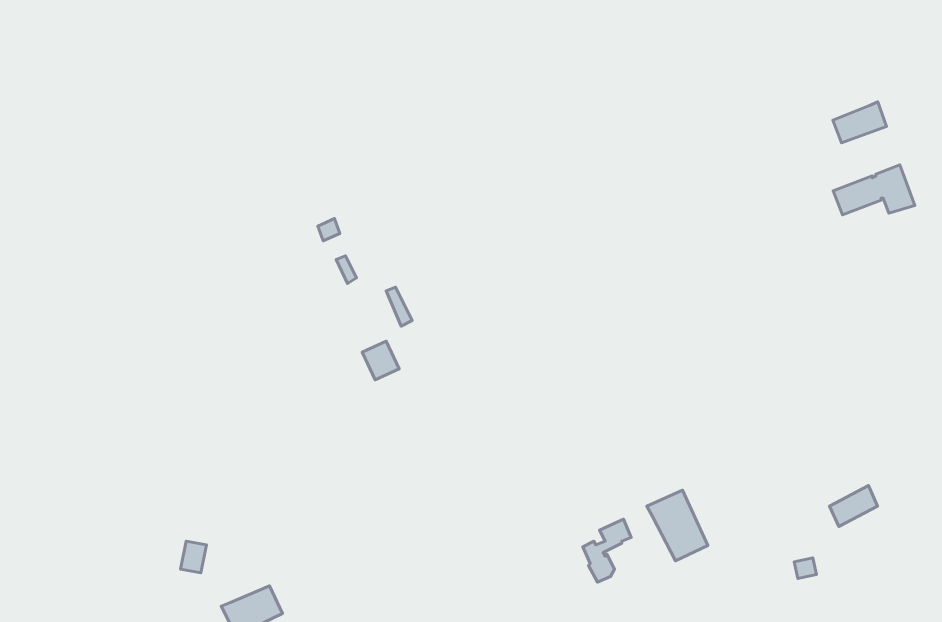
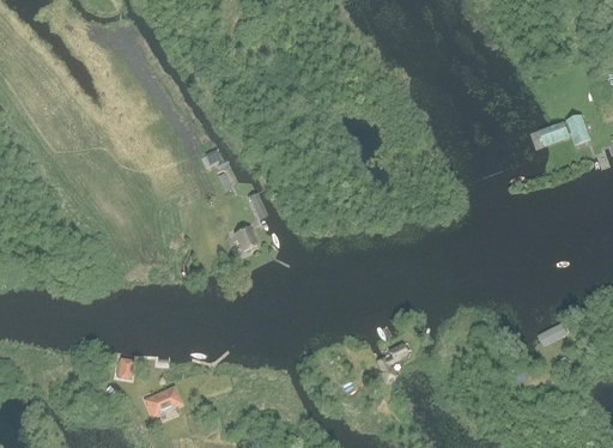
building: [833,102,886,143] -> none
building: [647,490,708,561] -> none

